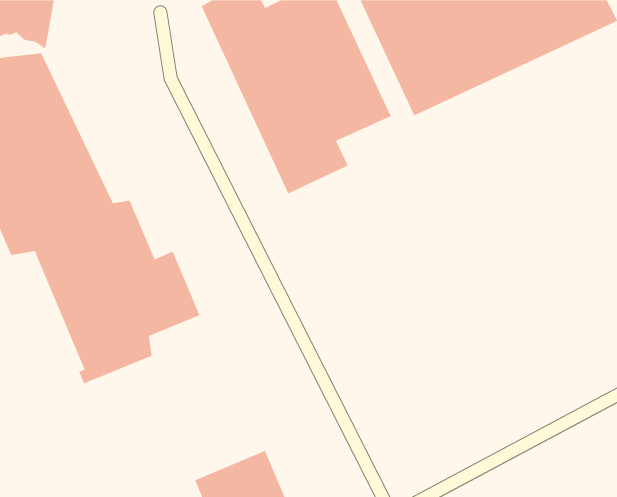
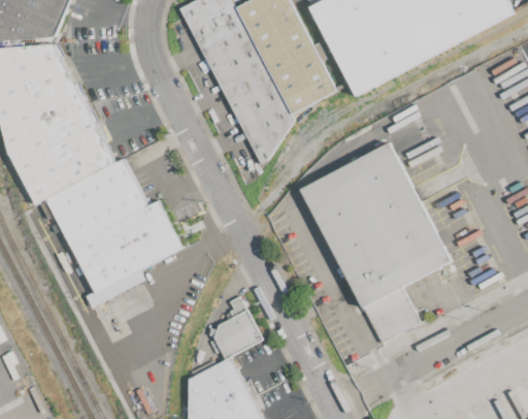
building: none -> [302,142,449,344]
building: none -> [209,295,262,358]

